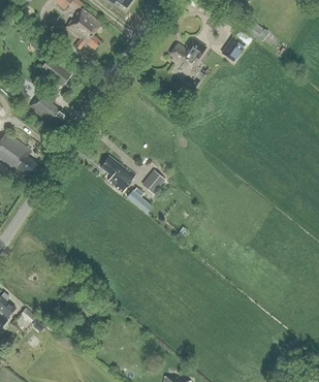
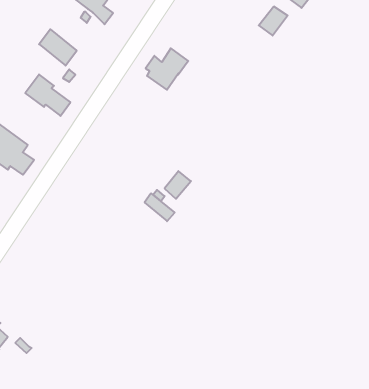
building: [170,37,205,71] -> [146,48,188,90]
building: [100,155,135,192] -> none

